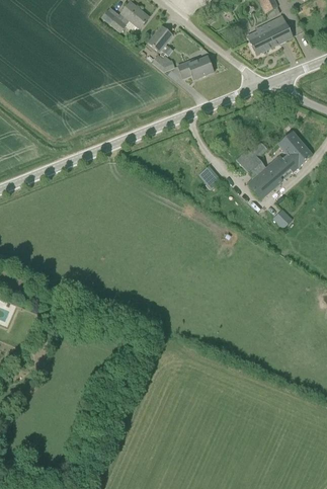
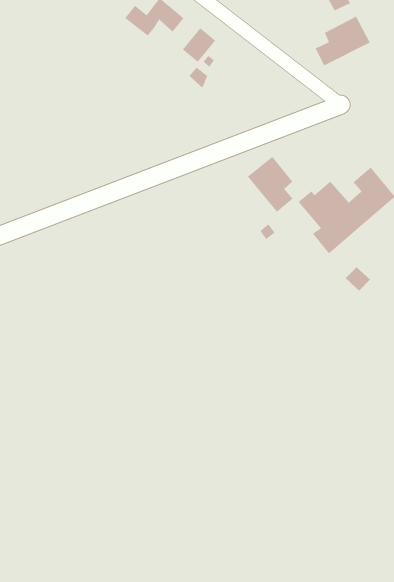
building: [177,55,214,78] -> none
building: none -> [247,156,294,213]

